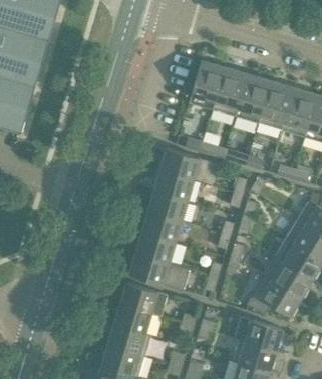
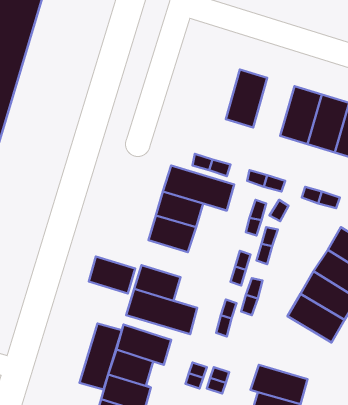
building: [189,60,225,109] -> none
building: [236,74,271,123] -> none
building: [141,212,181,243] -> [89,257,135,293]
building: [247,276,302,317] -> none
building: none -> [79,323,122,389]

